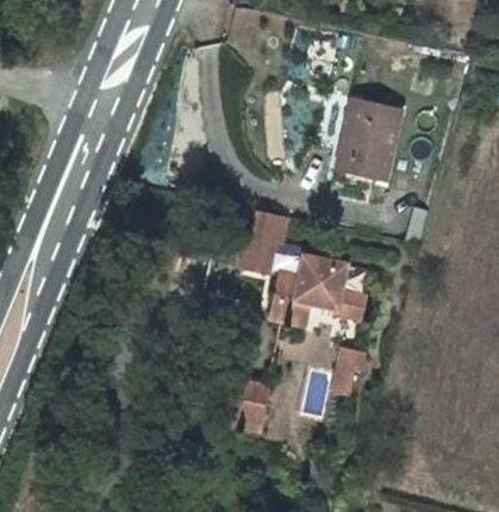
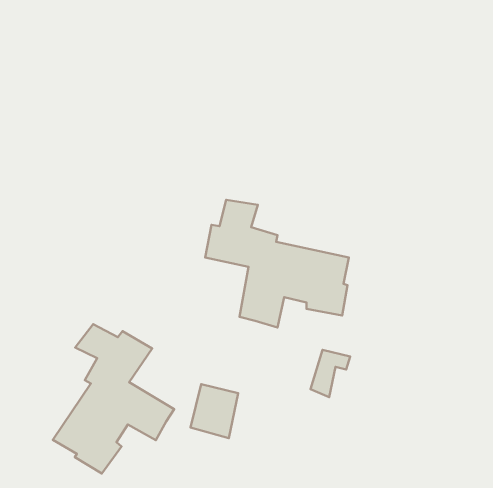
building: [337,95,406,181] -> none
building: none -> [53,324,174,474]

